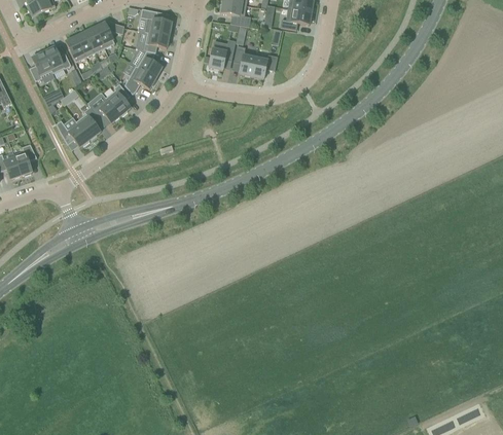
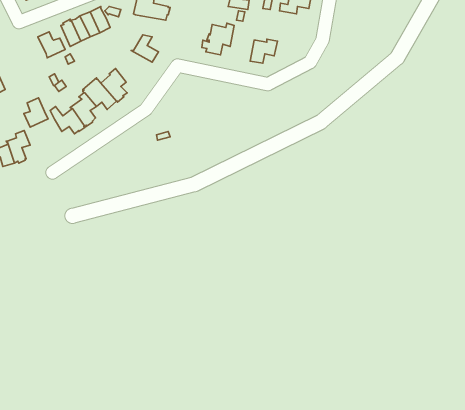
building: [135,30,169,51] -> none
building: [232,44,256,75] -> none
building: [29,51,52,80] -> [24,98,48,127]
building: [124,65,156,94] -> none

